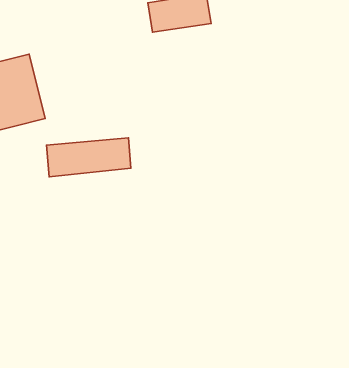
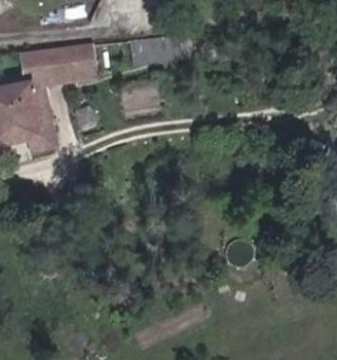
building: [47,138,131,177] -> [32,42,103,75]

